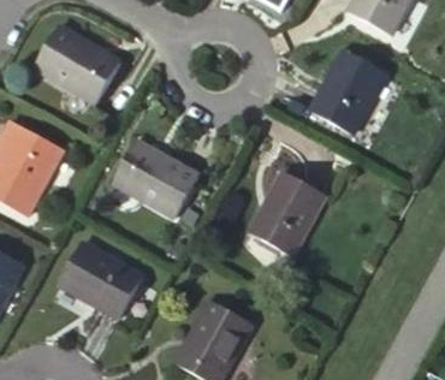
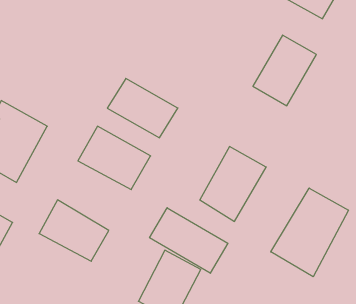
building: [36,30,119,100] -> [107,78,178,138]
building: none -> [271,188,348,277]
building: none -> [150,208,228,273]

